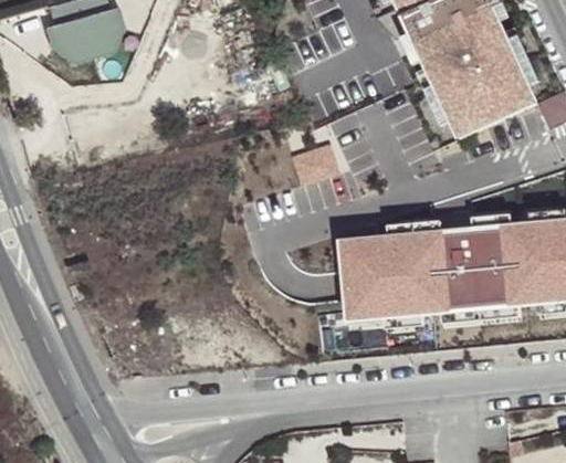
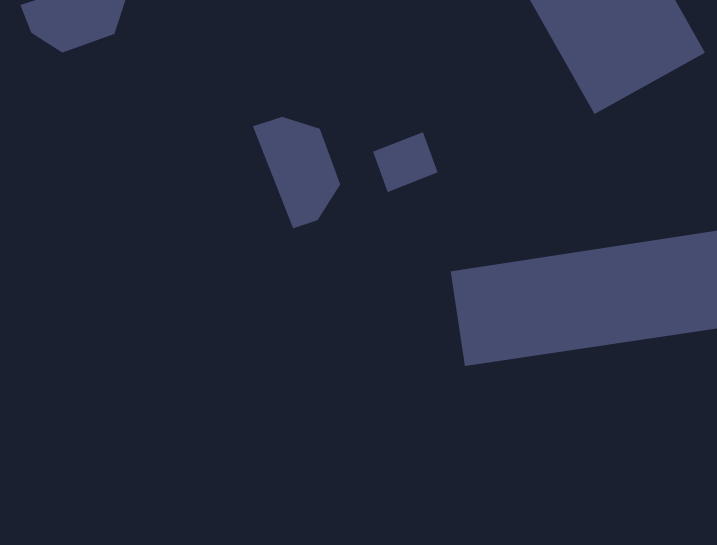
building: none -> [252,116,341,229]

